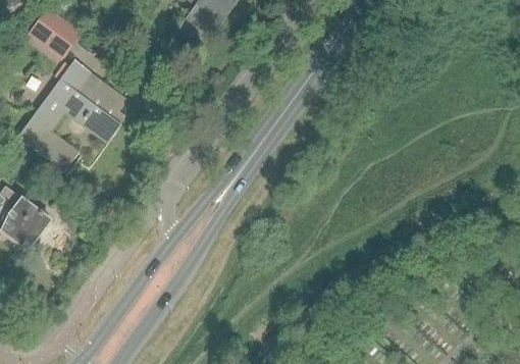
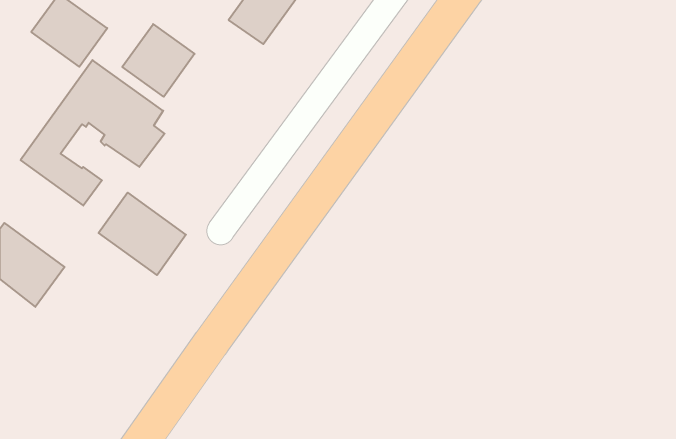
building: none -> [122,24,195,97]
building: none -> [99,193,186,275]

